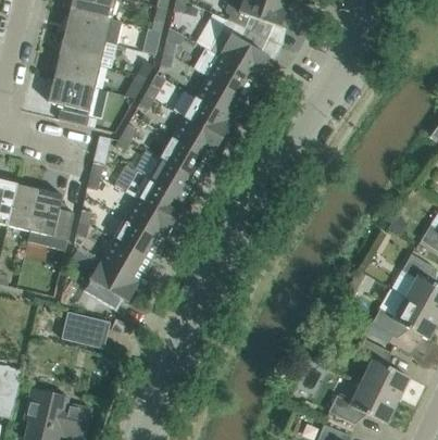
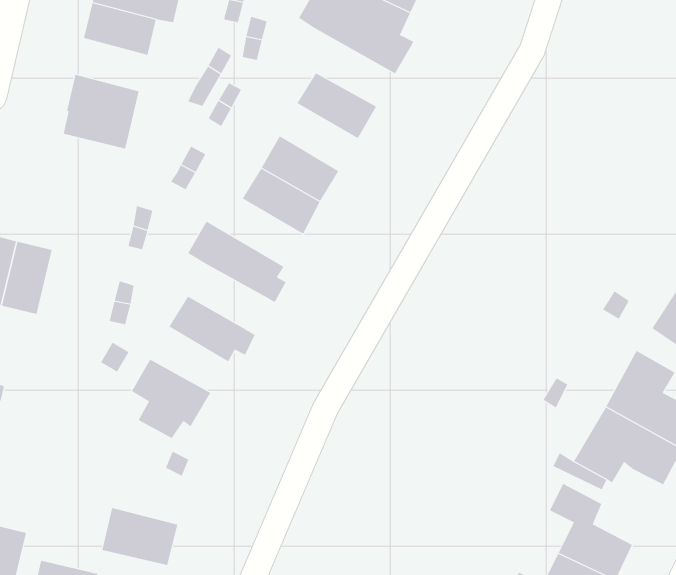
building: [195,48,258,98] -> none
building: [53,54,100,88] -> none
building: [184,96,236,141] -> none
building: [148,156,199,200] -> none
building: [27,189,74,250] -> none
building: [125,198,175,240] -> none
building: [101,238,151,280] -> none
building: [61,311,110,348] -> [101,507,178,565]

